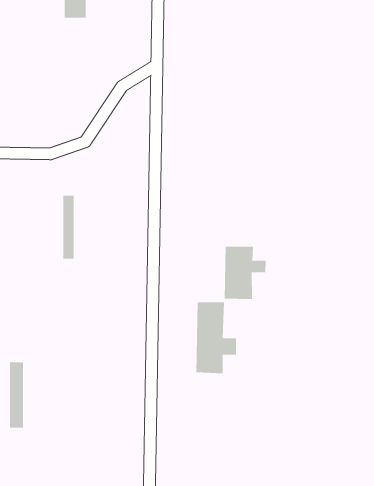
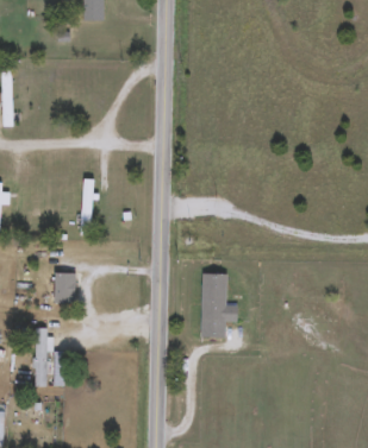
building: [224,246,266,300] -> none
building: none -> [55,272,76,303]

